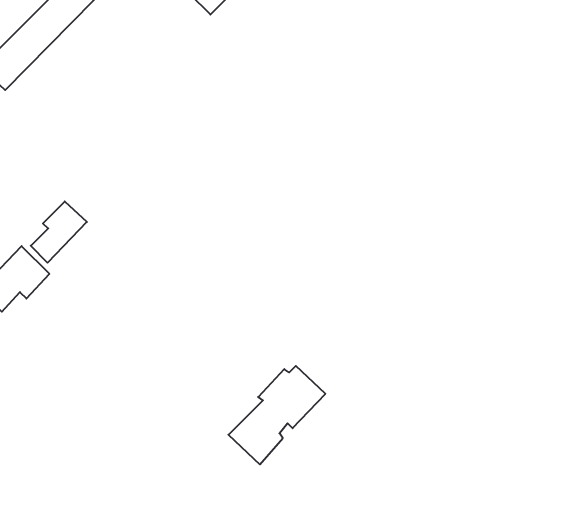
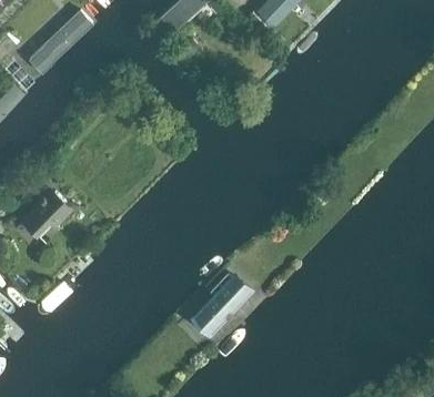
building: [31,201,87,263] -> none

